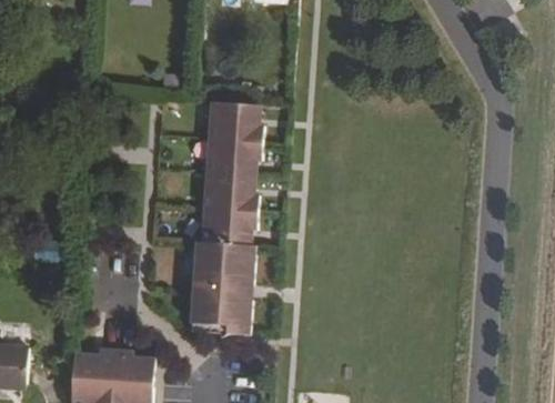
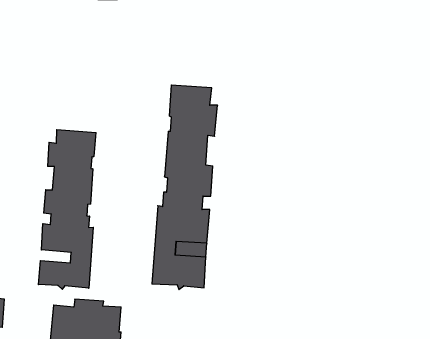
building: none -> [38,130,96,289]

